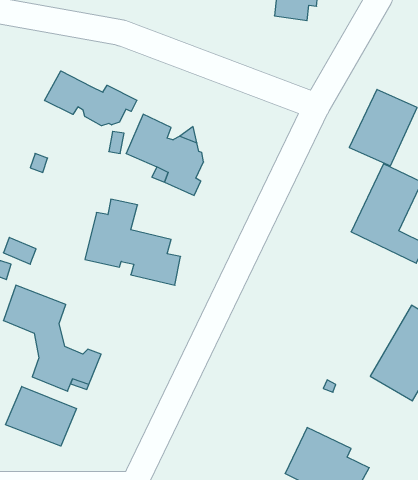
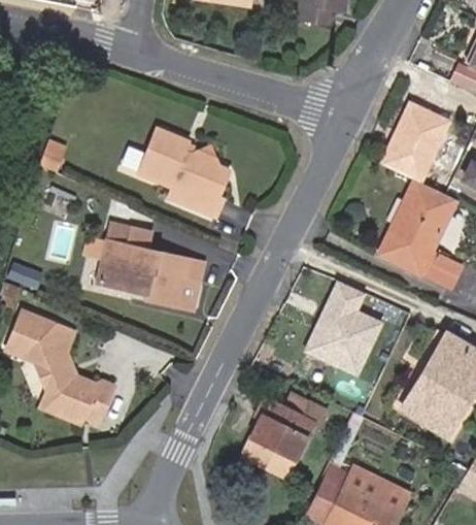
building: [45,71,137,126] -> none
building: none -> [303,278,382,376]
building: none -> [244,395,326,475]
building: [6,386,76,446] -> none

